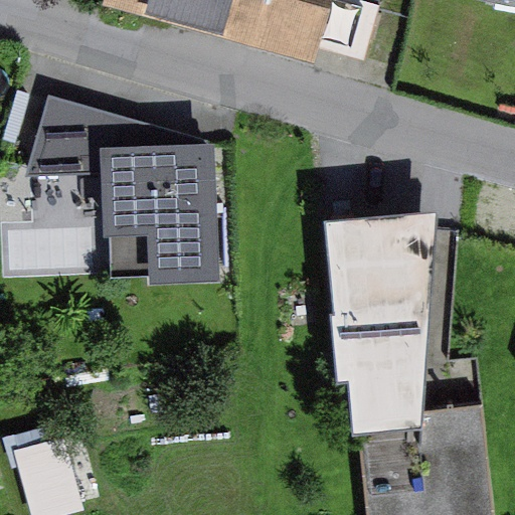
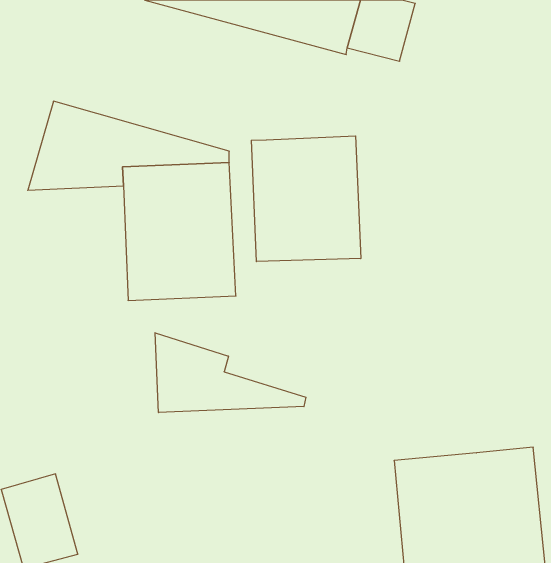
building: none -> [251,136,361,262]
building: [329,211,445,421] -> none
building: none -> [155,333,306,413]

